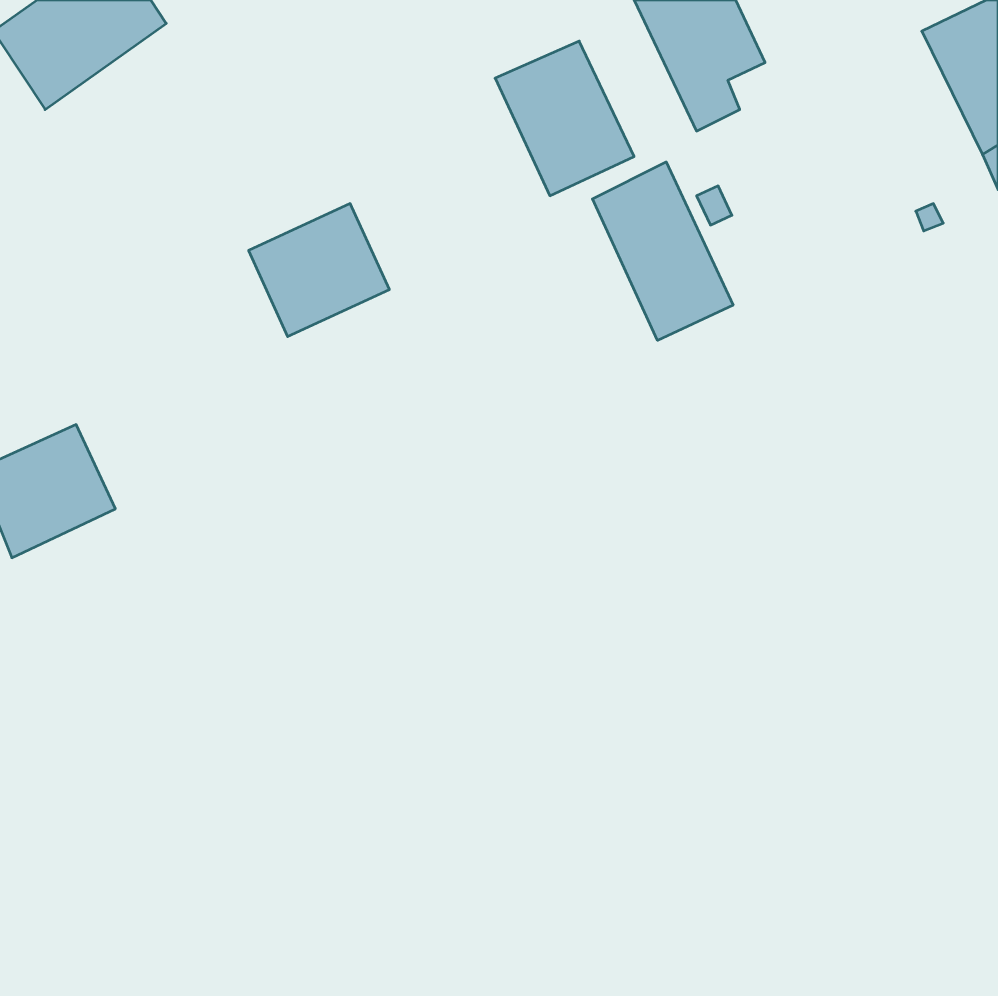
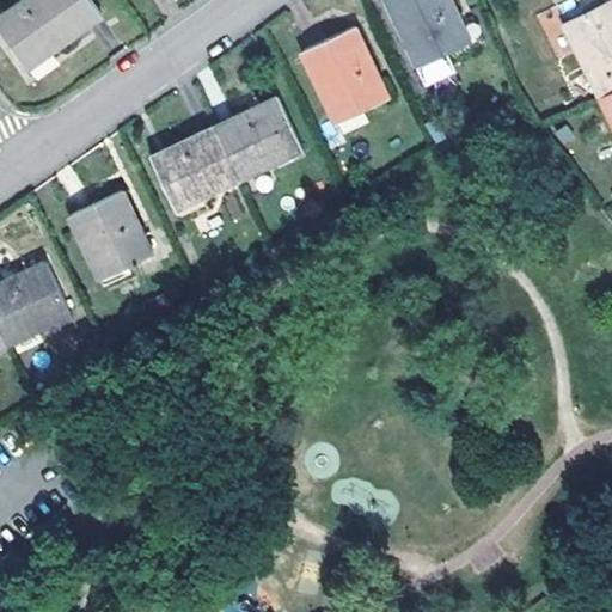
building: none -> [214,98,302,179]
building: [592,162,733,340] -> none
building: none -> [69,191,151,279]

